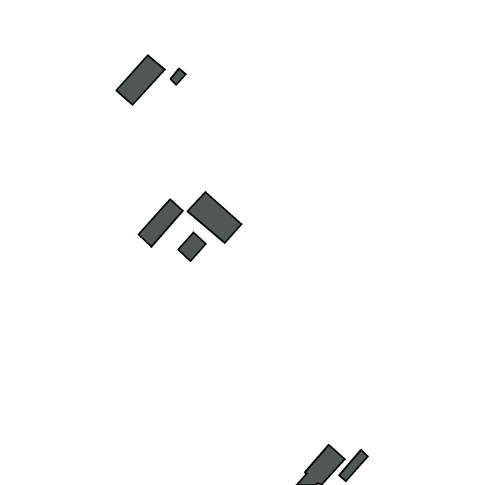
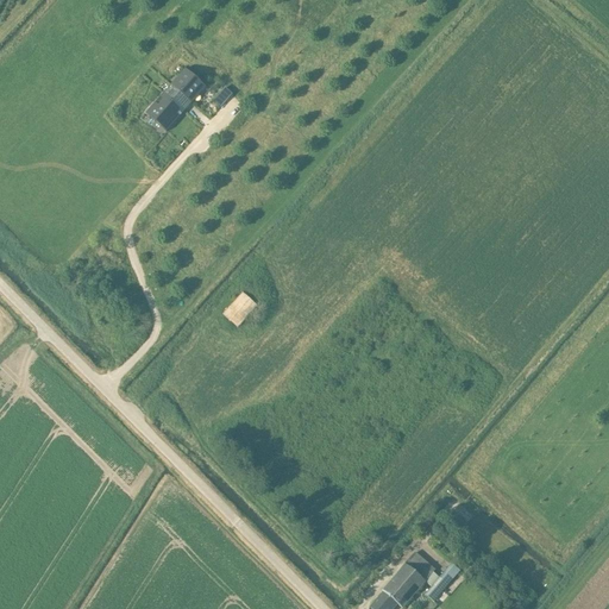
building: [188,192,242,243] -> none
building: [139,199,183,247] -> none

